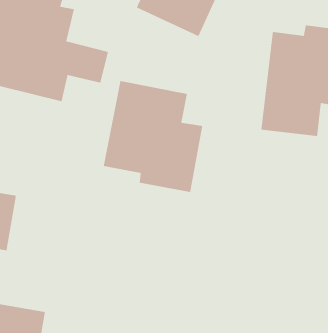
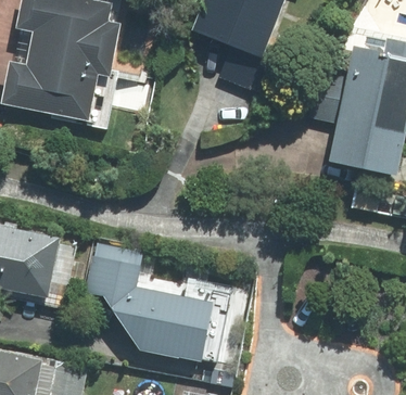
building: [103,80,203,193] -> none
building: none -> [78,243,226,358]

